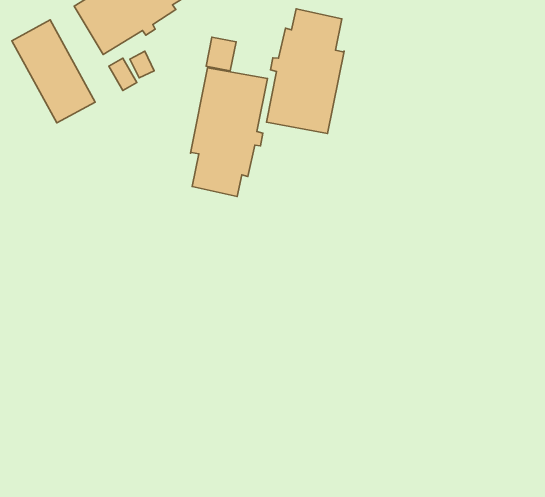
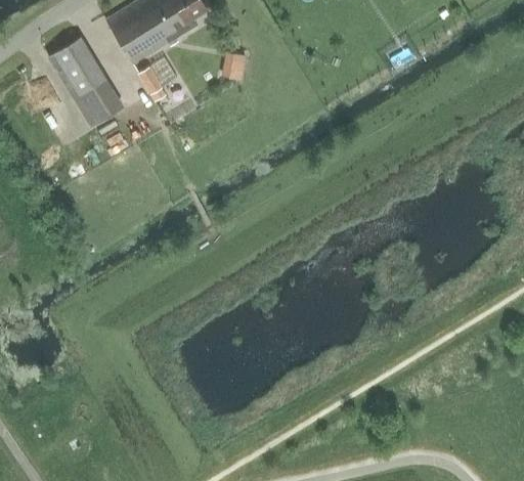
building: [266,9,344,133] -> none
building: [190,68,267,197] -> none

